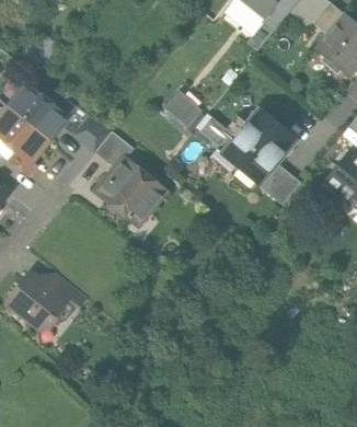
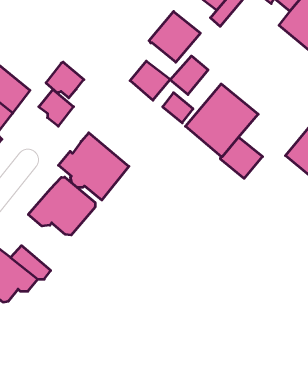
building: none -> [149,11,200,62]
building: none -> [170,56,208,95]
building: [94,130,133,166] -> [46,62,84,98]
building: none -> [28,177,95,235]

